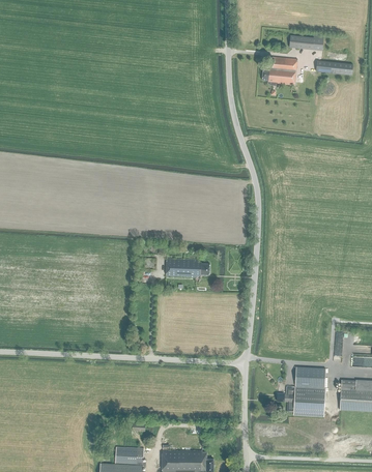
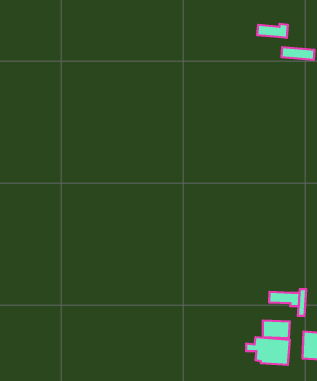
building: [262,56,297,85] -> none
building: [166,259,209,276] -> none
building: none -> [269,292,299,306]

